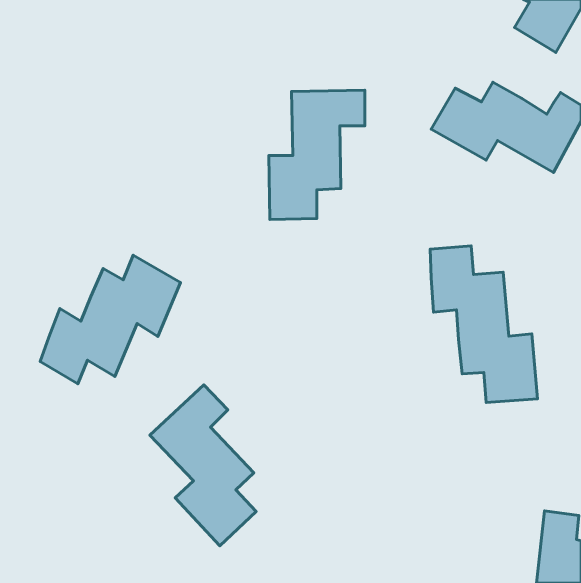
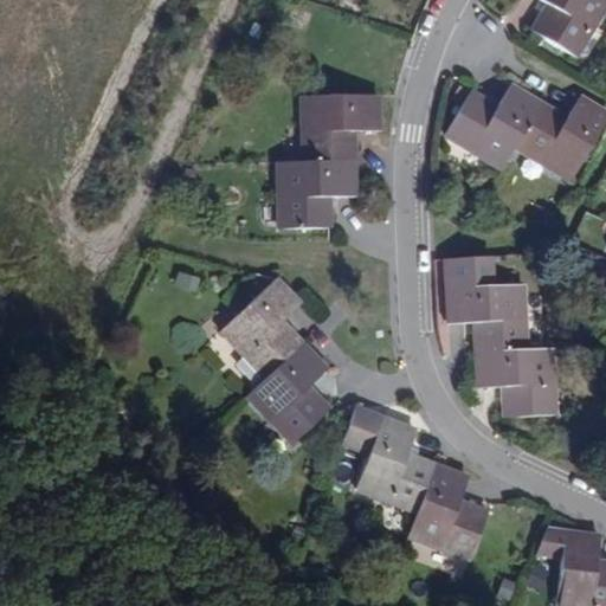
building: [40,255,180,384] -> none
building: [150,385,256,546] -> [220,277,330,444]
building: none -> [342,406,486,557]

